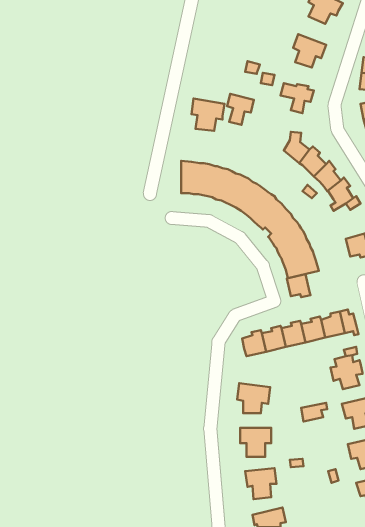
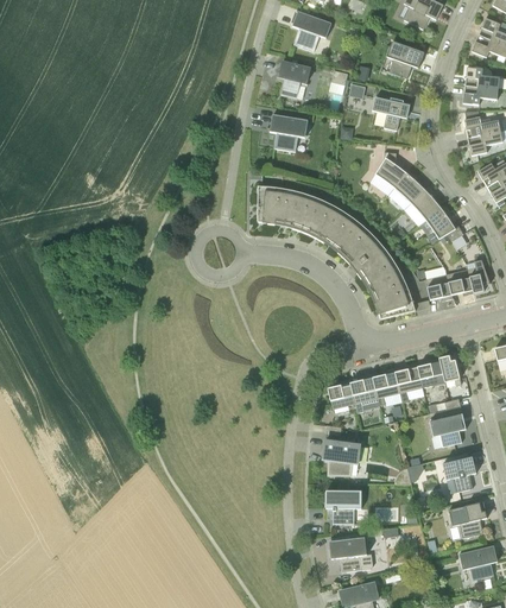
building: none -> [292,11,331,52]
building: [227,94,254,125] -> [279,62,310,97]
building: [287,274,311,297] -> [425,274,453,300]

